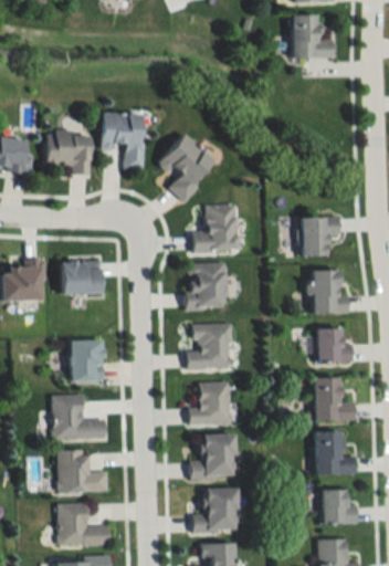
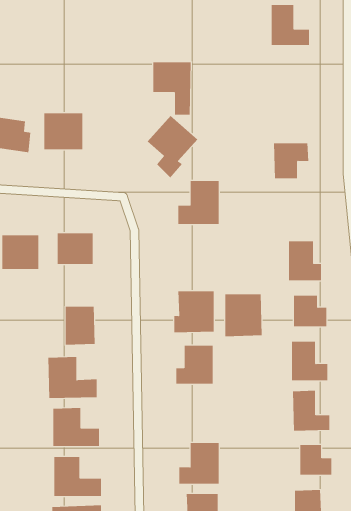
building: [102,113,144,170] -> [153,62,192,115]
building: [302,218,340,256] -> [273,143,309,179]
building: [187,263,228,310] -> [225,294,263,337]
building: [190,433,235,480] -> none

